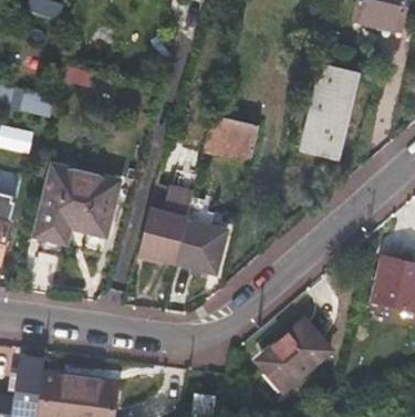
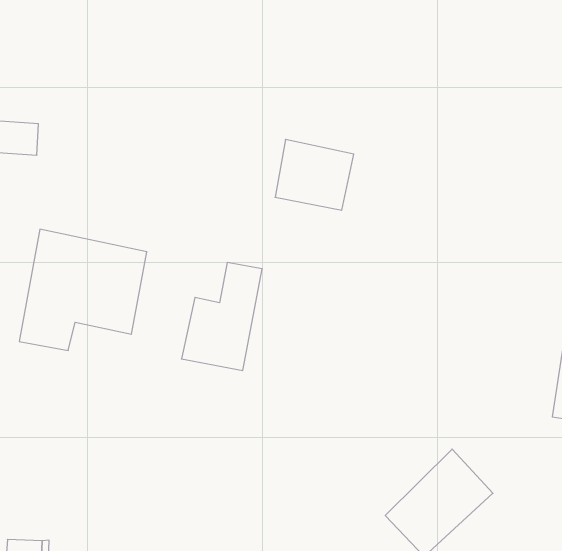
building: [302,66,359,158] -> none
building: [176,197,224,271] -> none

